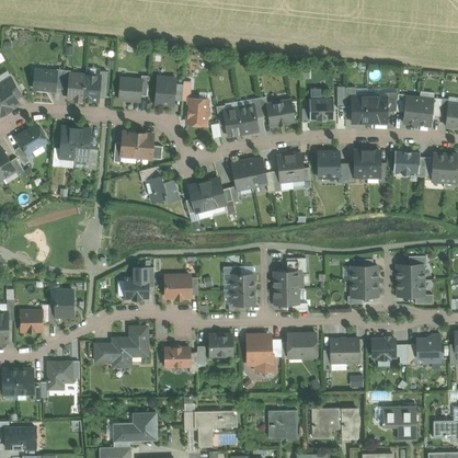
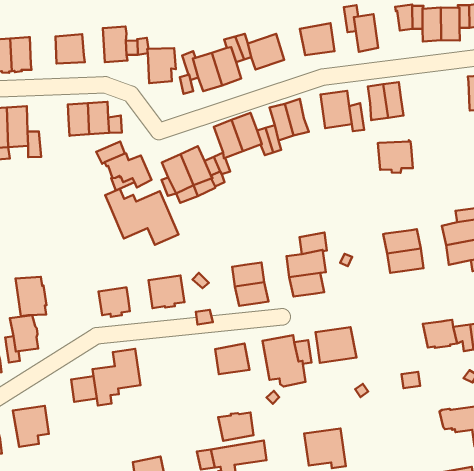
building: [367,95,386,122] -> none
building: [393,150,420,175] -> [378,140,413,173]
building: none -> [105,189,179,245]
building: none -> [16,277,46,316]
building: [330,339,359,363] -> none
building: [164,346,190,366] -> [218,413,254,441]
building: [312,409,357,437] -> none

